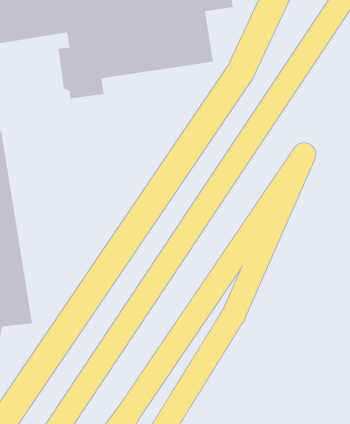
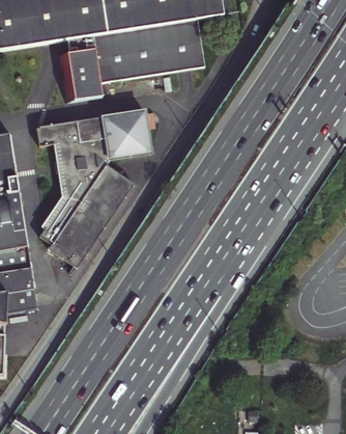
building: none -> [35,110,149,268]

